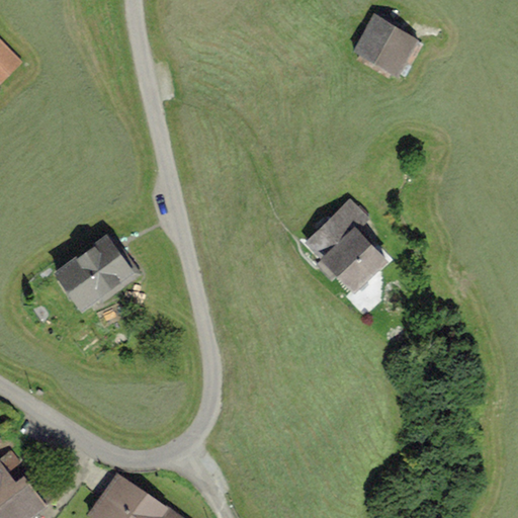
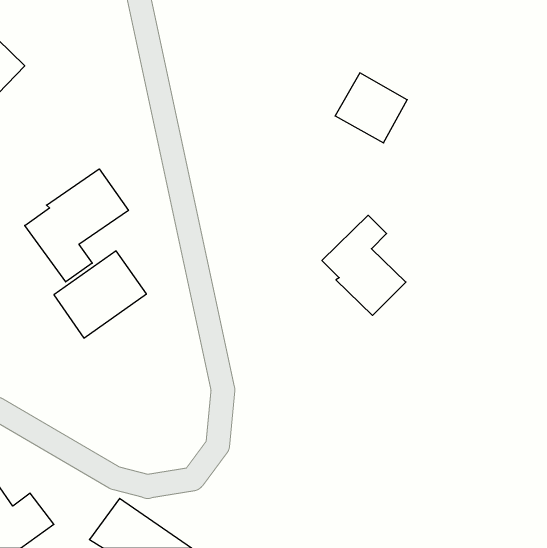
building: [352,12,420,78] -> [335,73,407,143]
building: none -> [25,169,128,282]

